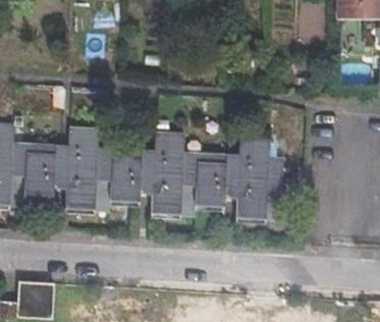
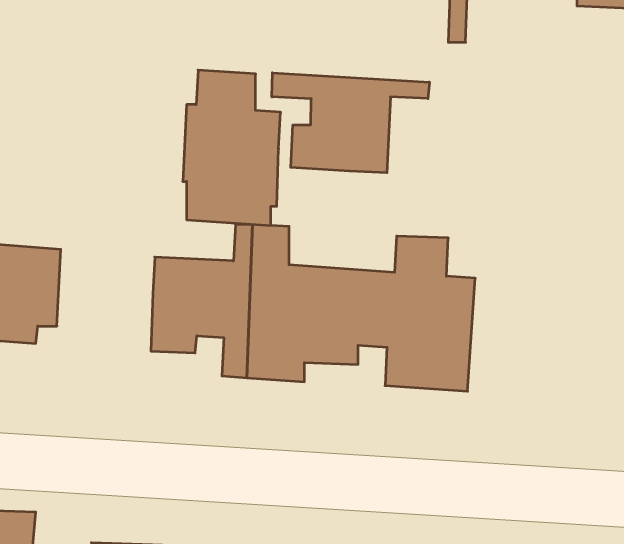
building: none -> [272,73,429,173]
building: [62,126,114,209] -> [183,70,281,225]

